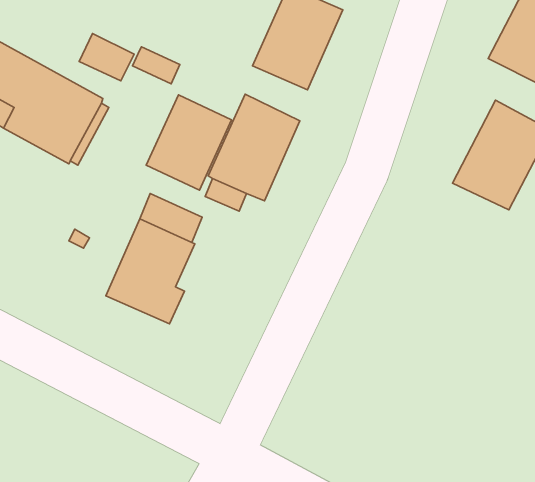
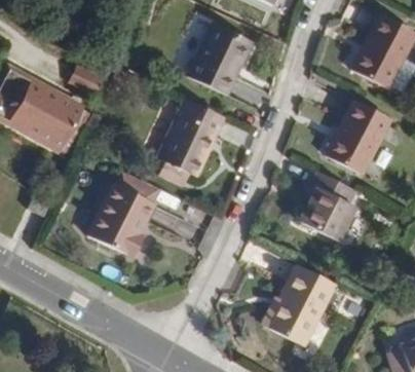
building: [146,95,231,190] -> none
building: none -> [300,173,359,243]
building: none -> [269,269,336,349]

